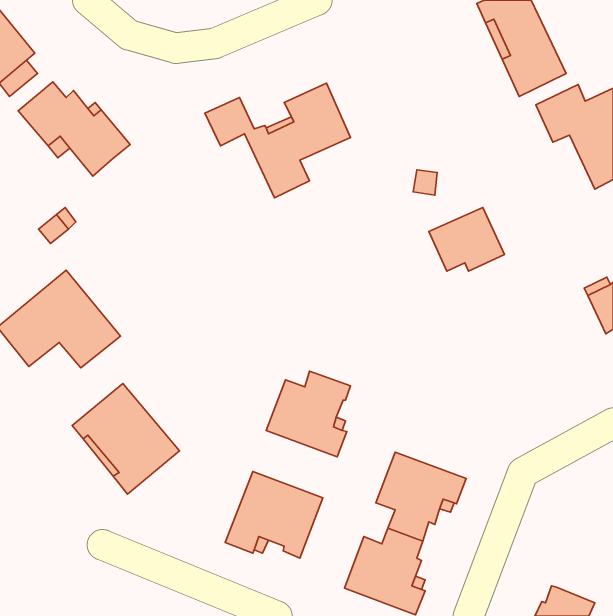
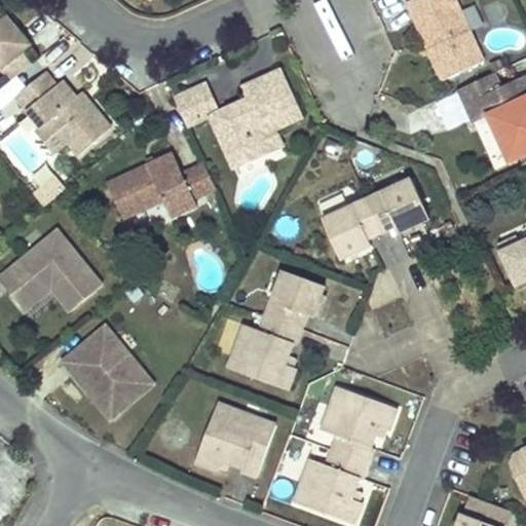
building: none -> [107,151,216,217]
building: none -> [322,197,381,258]
building: none -> [264,270,324,329]

